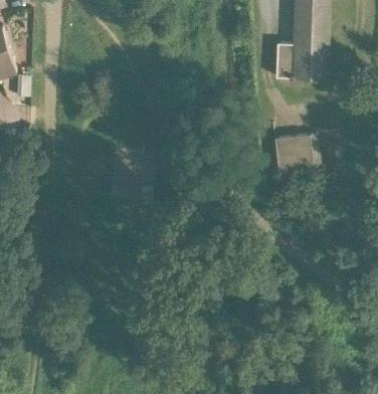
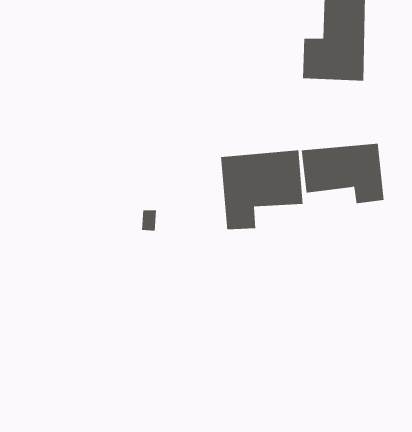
building: none -> [221,149,303,230]

